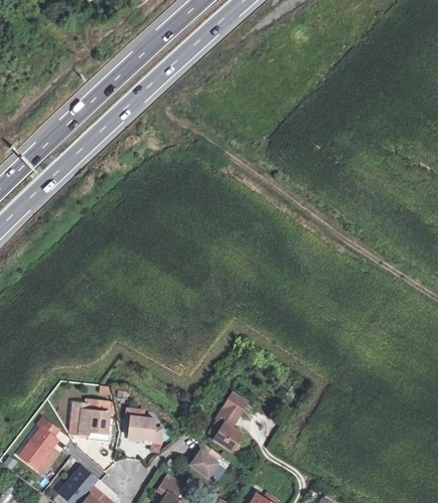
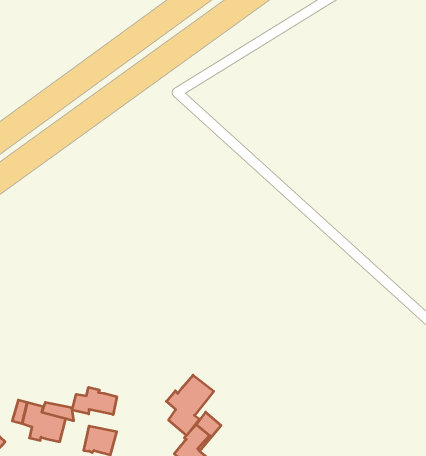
building: none -> [166,375,214,435]
building: none -> [72,387,117,415]

